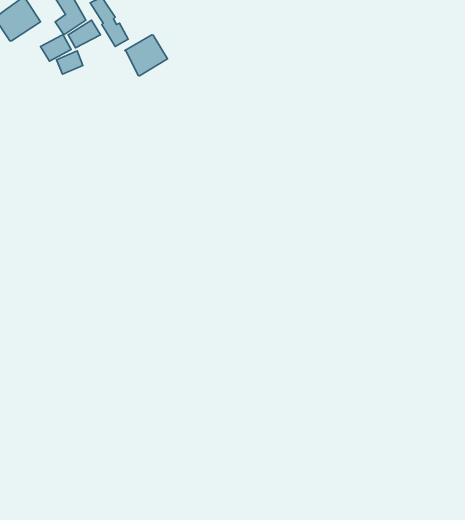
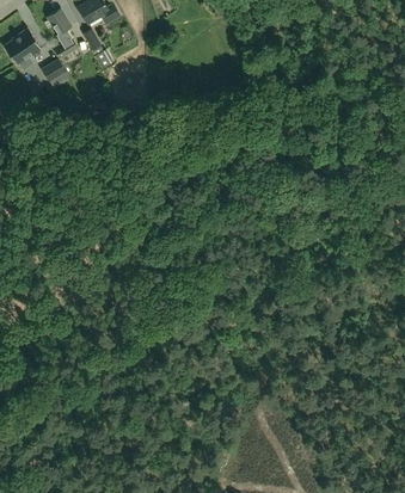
building: [125,35,167,76] -> none

